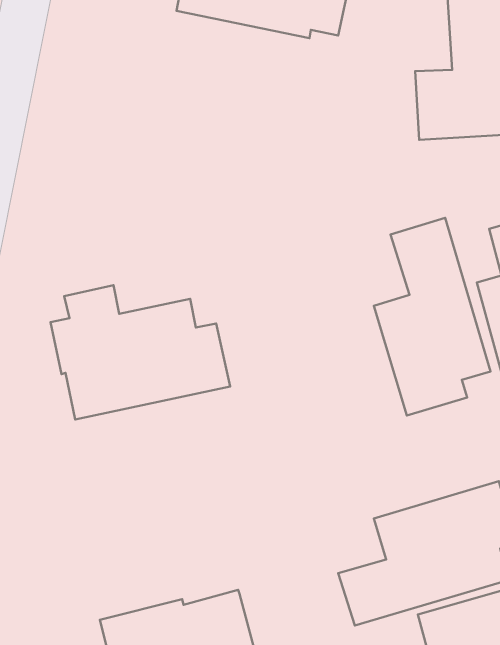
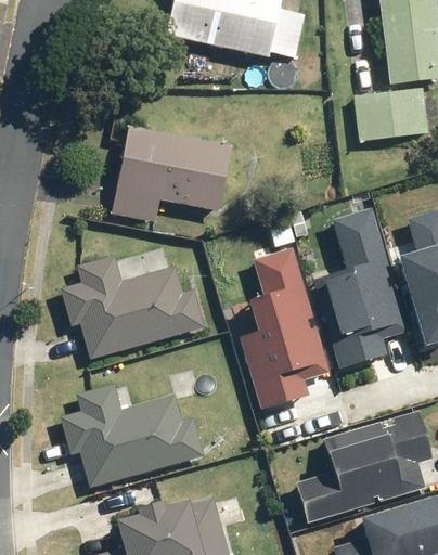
building: none -> [108,126,228,227]
building: none -> [243,244,332,404]
building: none -> [59,383,207,492]

